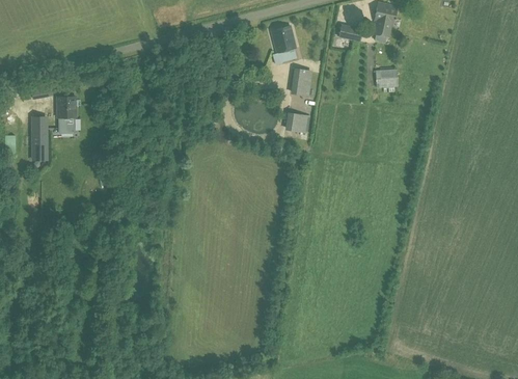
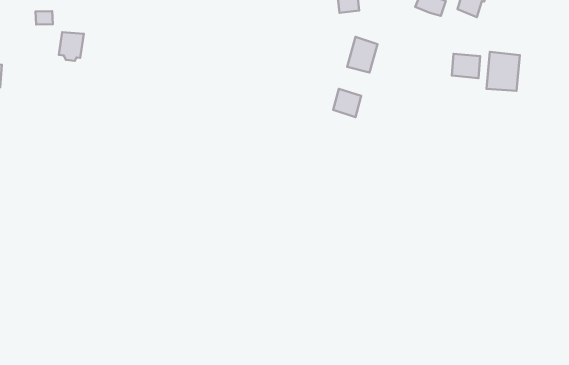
building: none -> [486,52,520,91]
building: [32,117,47,159] -> none

